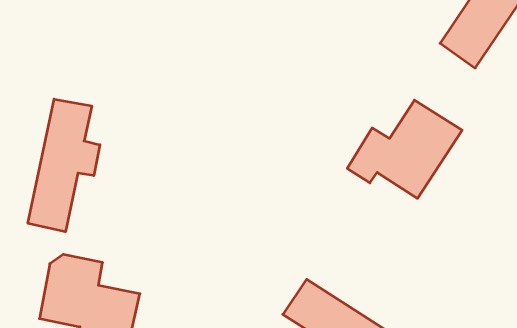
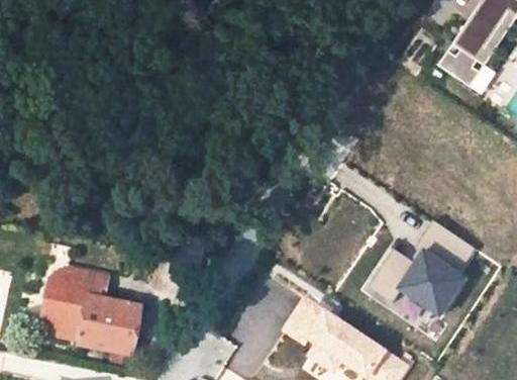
building: [28,99,100,232] -> none
building: [347,100,462,198] -> [369,221,481,317]

